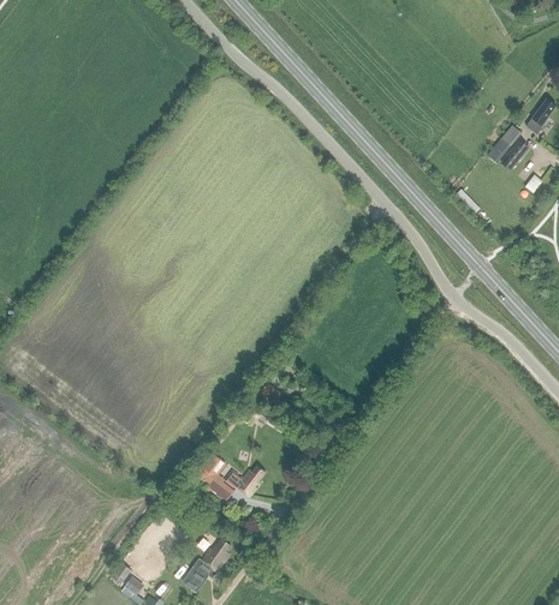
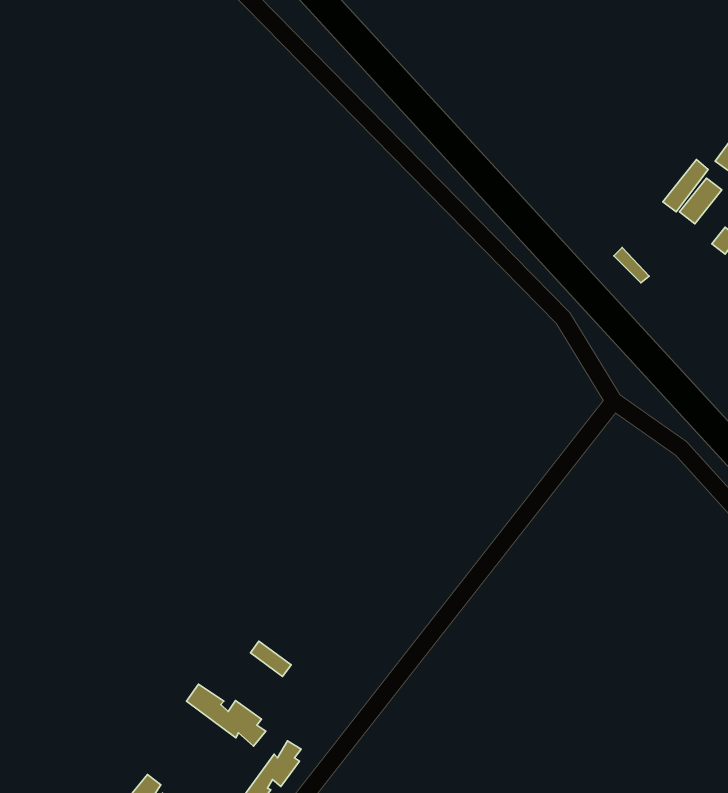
building: [225,465,263,496] -> none
building: none -> [186,684,266,746]

